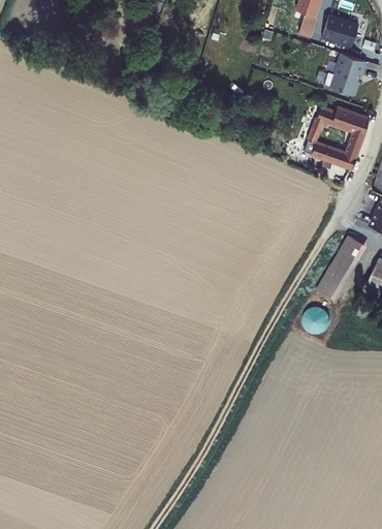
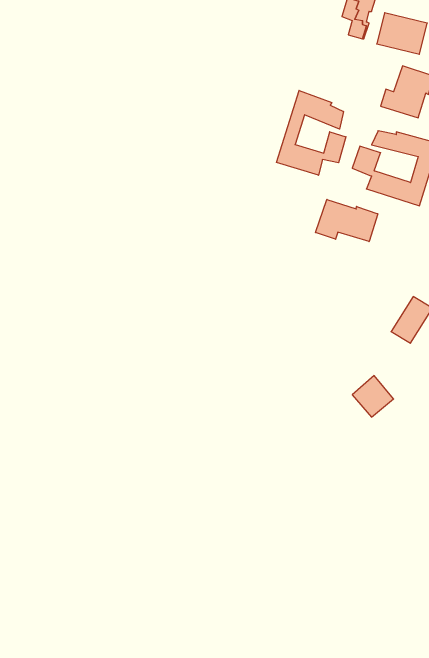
building: none -> [277,90,346,175]
building: none -> [316,199,378,242]
building: [317,267,347,300] -> none

